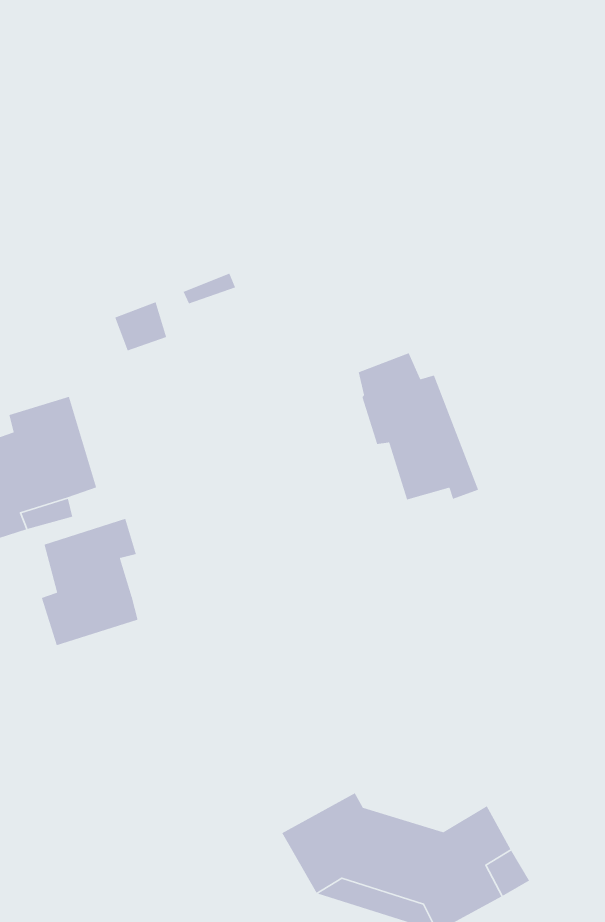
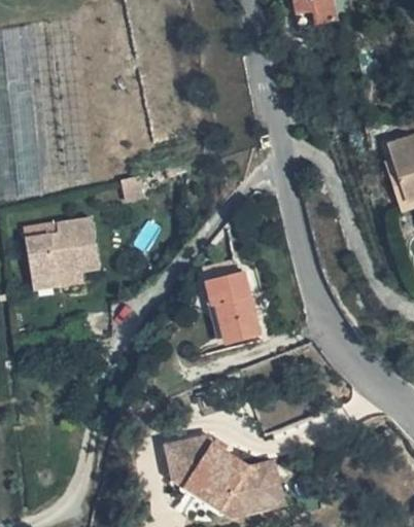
building: [358,352,479,501] -> [206,258,260,338]
building: [41,518,138,646] -> none

